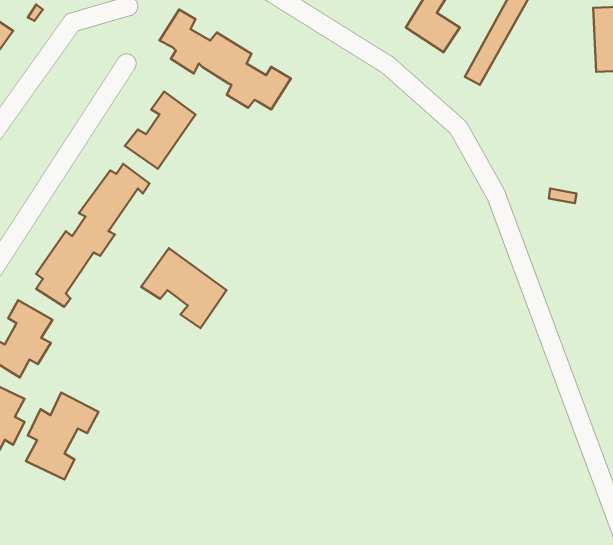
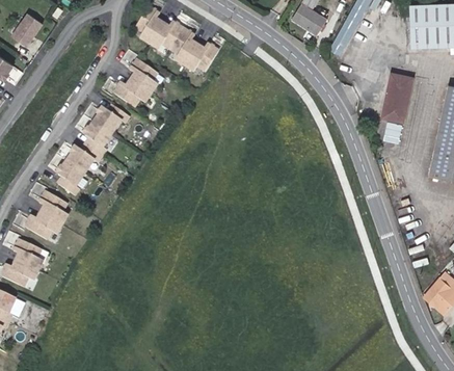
building: none -> [380,73,411,122]
building: [141,248,227,328] -> none
building: [26,393,98,480] -> none

